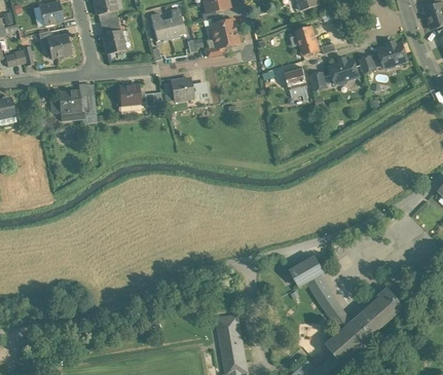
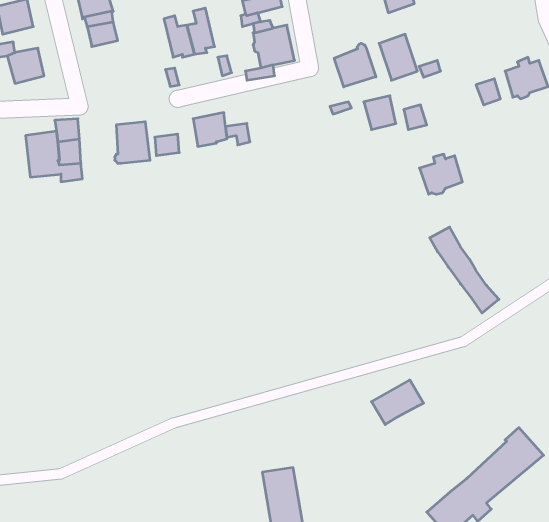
building: [101,29,124,53] -> none
building: none -> [334,43,376,87]
building: [329,57,358,83] -> [419,154,462,194]
building: [306,273,353,331] -> [430,227,499,313]

